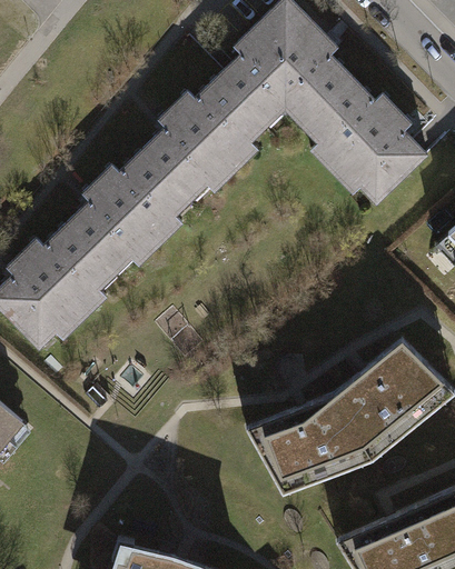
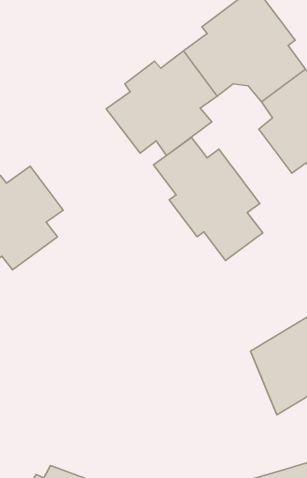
building: [68,150,186,267] -> none
building: none -> [153,138,263,260]
building: [247,393,373,493] -> none

